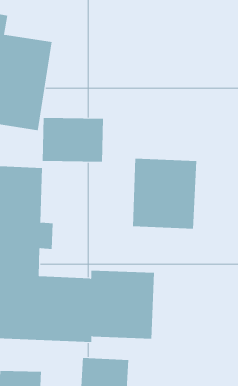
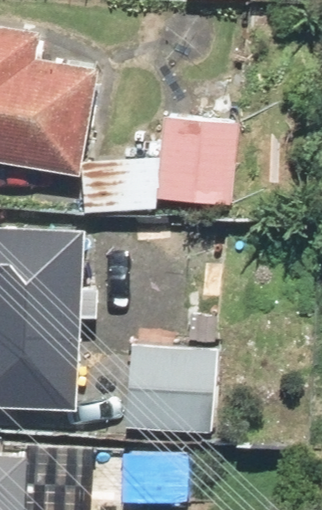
building: [132,158,197,229] -> [159,116,238,202]

